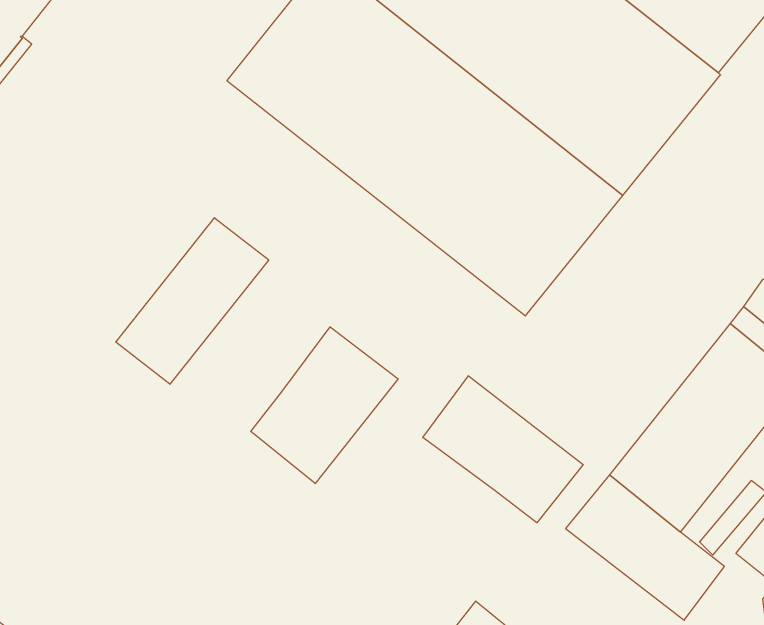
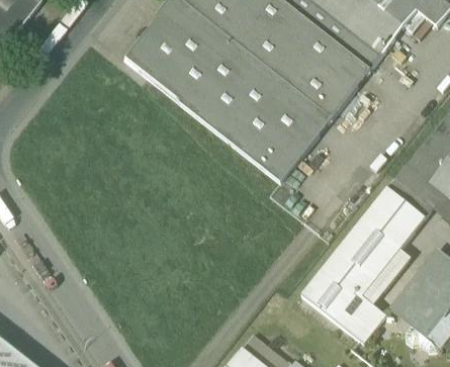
building: [116,218,269,384] -> none
building: [251,327,398,484] -> none
building: [423,376,583,523] -> none

